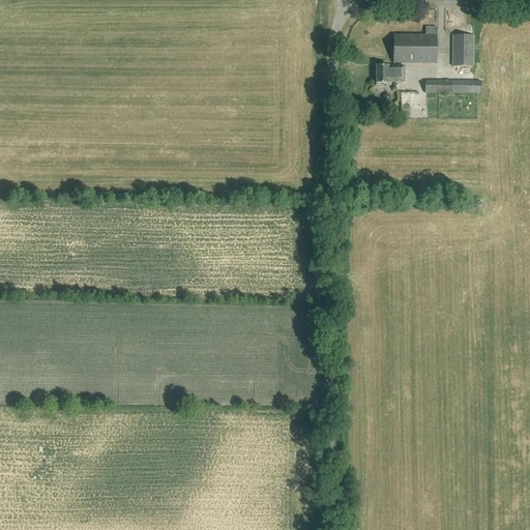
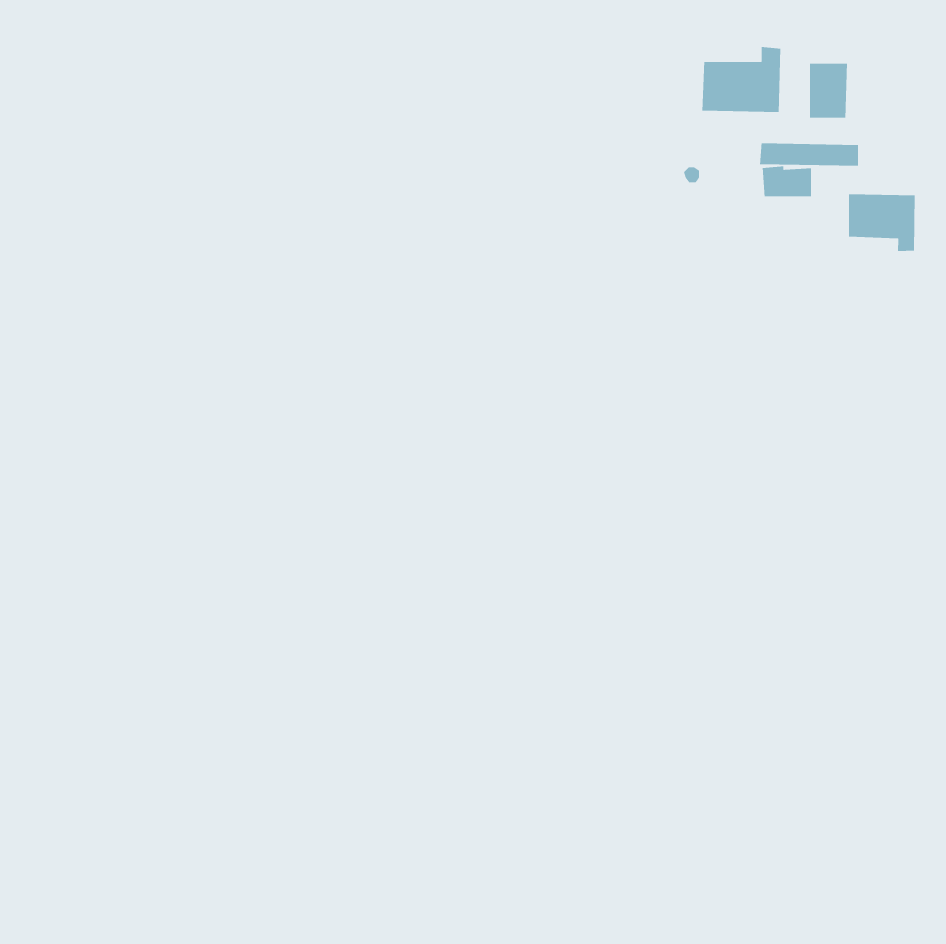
building: [376,64,404,82] -> [762,166,812,197]
building: none -> [848,194,915,252]

